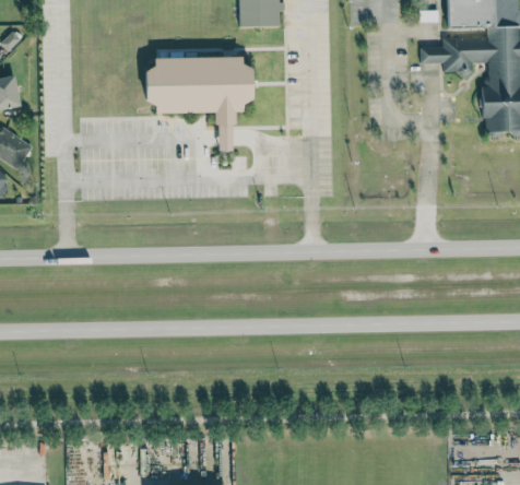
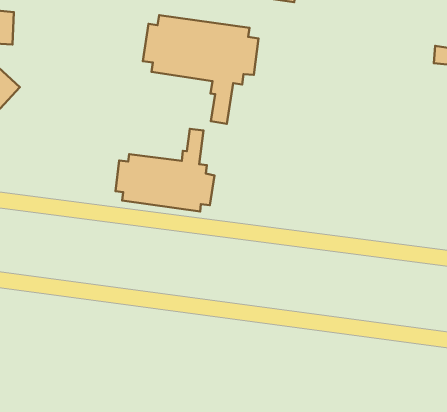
building: none -> [115,129,215,212]

